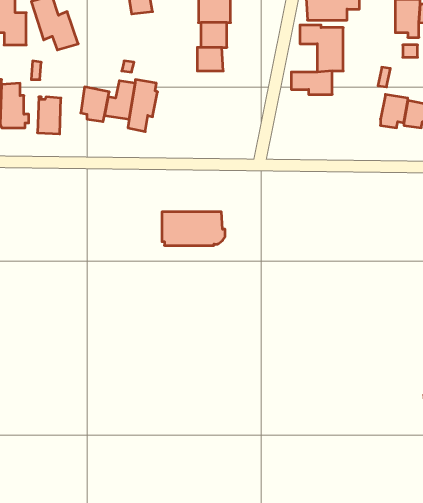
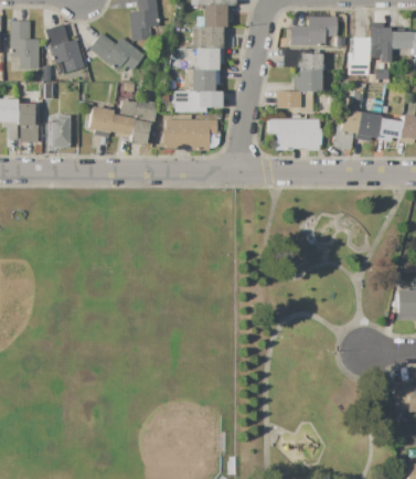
building: none -> [89,33,143,74]
building: none -> [348,38,369,76]
building: none -> [175,92,222,113]
building: none -> [333,109,360,150]
building: none -> [268,115,322,150]
building: [162,212,225,245] -> [163,119,220,149]

